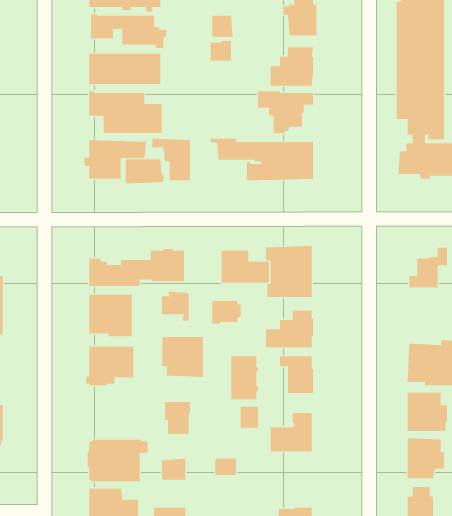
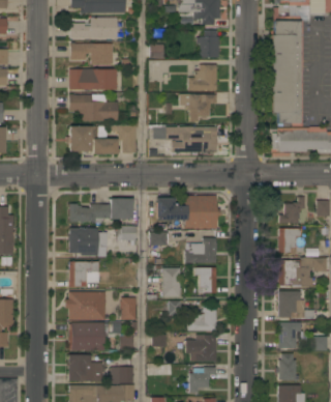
building: none -> [278,228,301,254]
building: [161,336,204,377] -> [69,292,97,319]
building: none -> [186,334,216,361]

